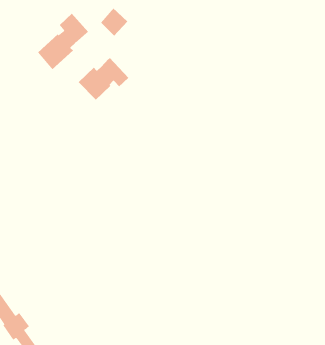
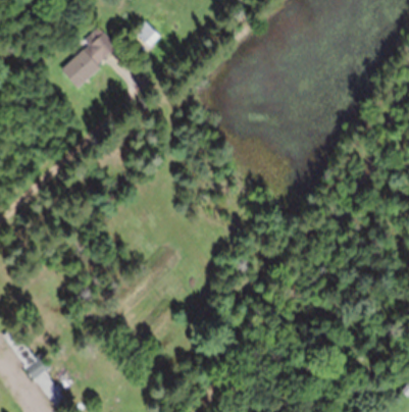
building: [78,57,129,101] -> none

